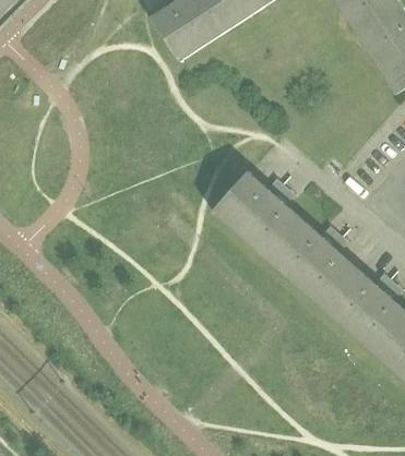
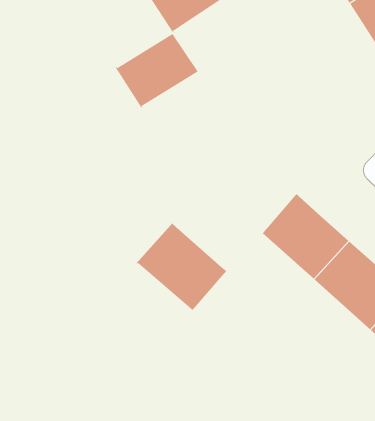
building: none -> [115,33,199,108]
building: [211,168,301,256] -> [136,222,227,311]

